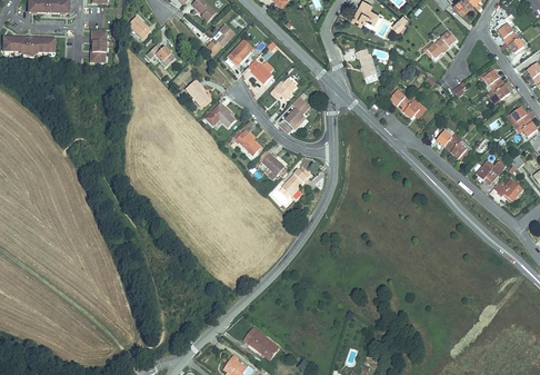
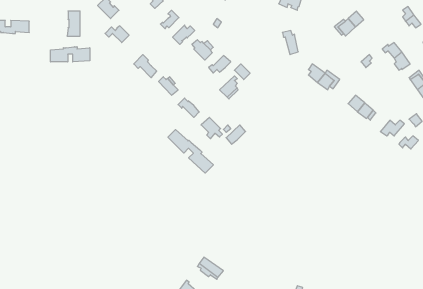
building: none -> [51,47,90,62]
building: none -> [168,130,213,173]

